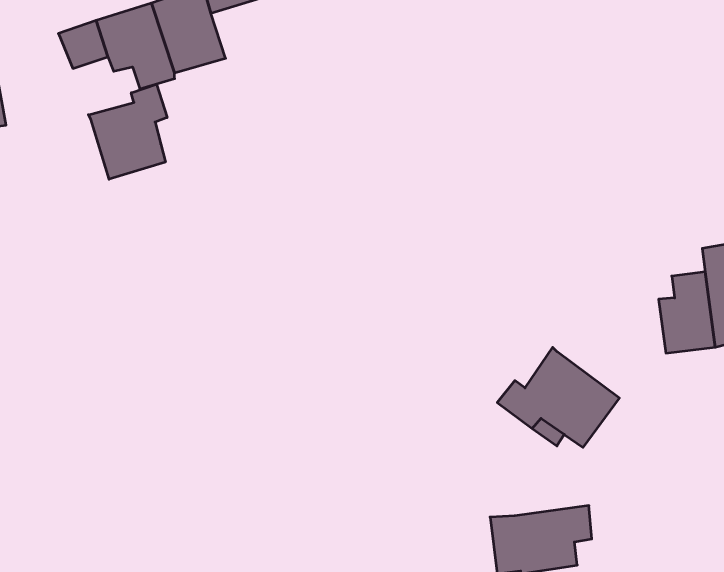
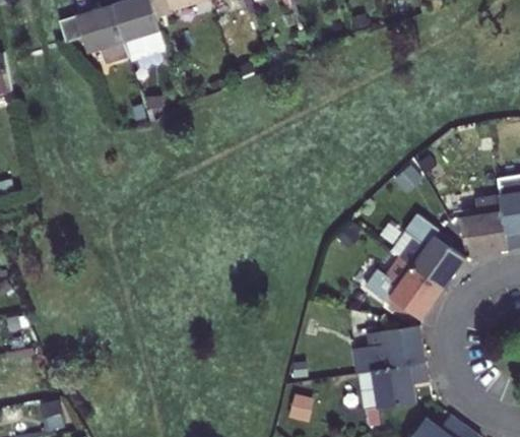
building: [88,84,167,179] -> none
building: none -> [394,208,467,282]
building: none -> [351,325,424,365]

